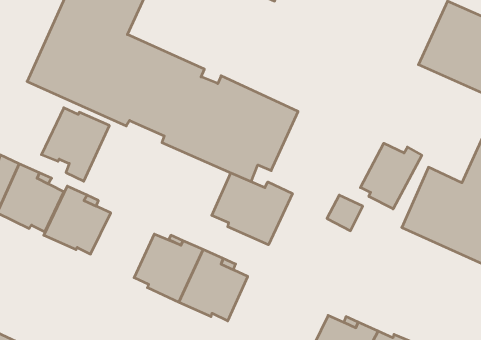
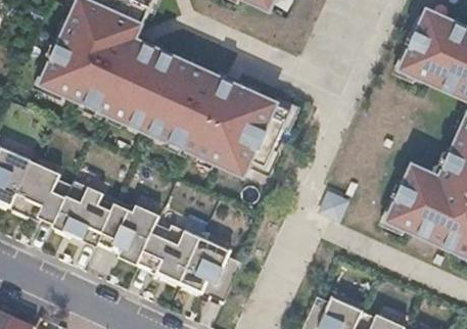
building: [41,108,109,181] -> [99,199,161,267]
building: [360,143,422,209] -> none
building: [212,173,292,245] -> none

